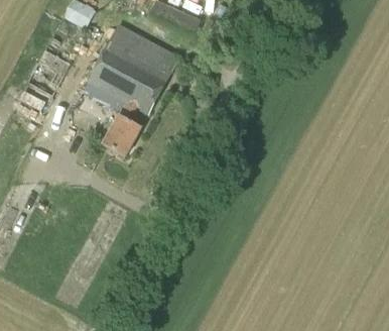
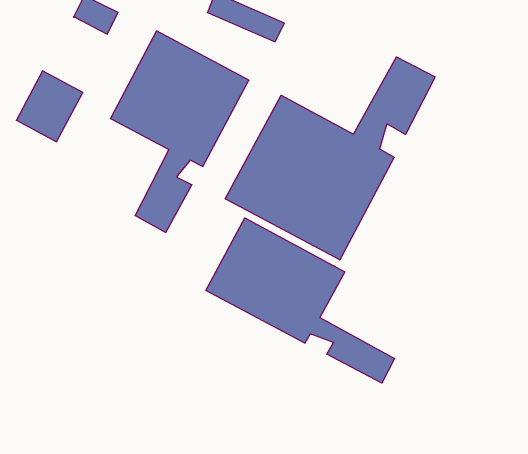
building: none -> [225,57,435,260]
building: none -> [206,218,395,383]

